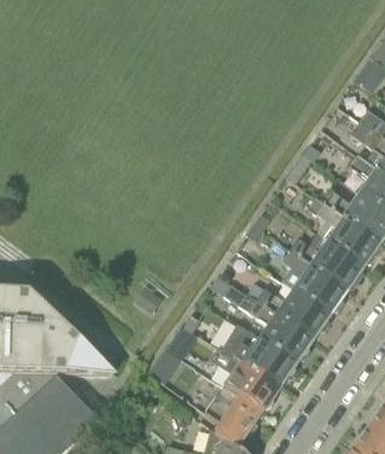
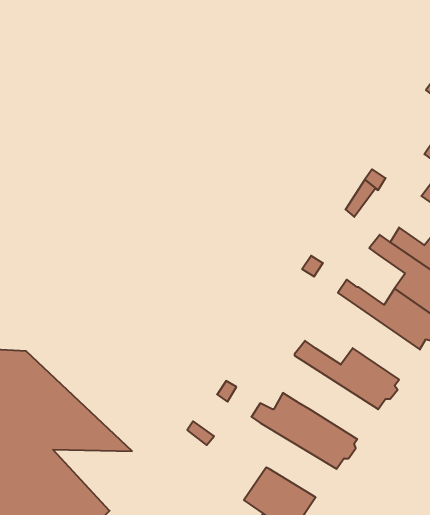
building: [274,243,348,313] -> none
building: [210,274,314,361] -> none
building: [210,348,280,408] -> none

